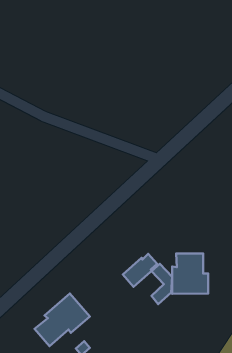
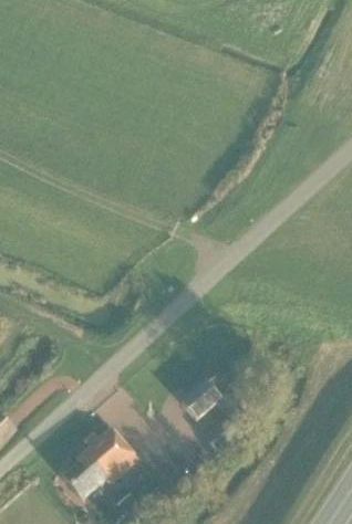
building: [172,253,208,294] -> none

